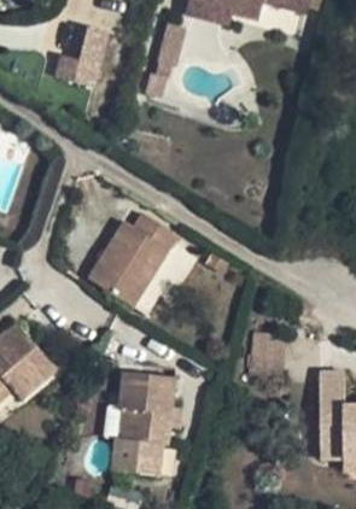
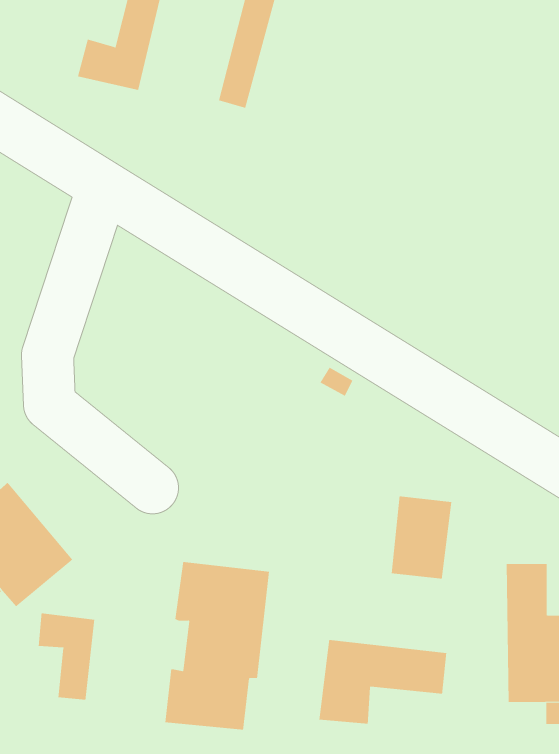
building: [89,213,177,306] -> none
building: none -> [38,612,95,701]
building: none -> [319,639,447,724]

